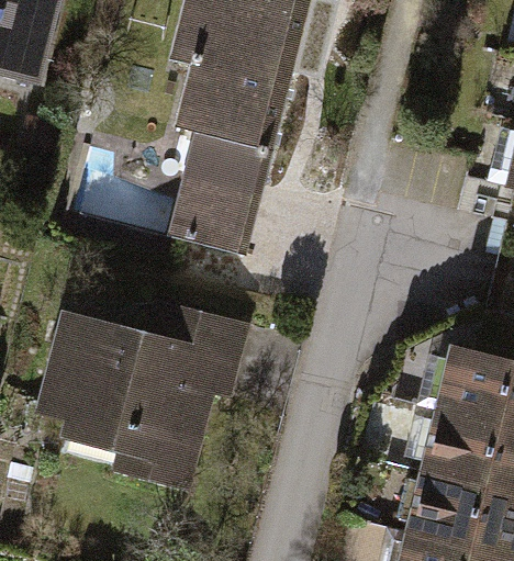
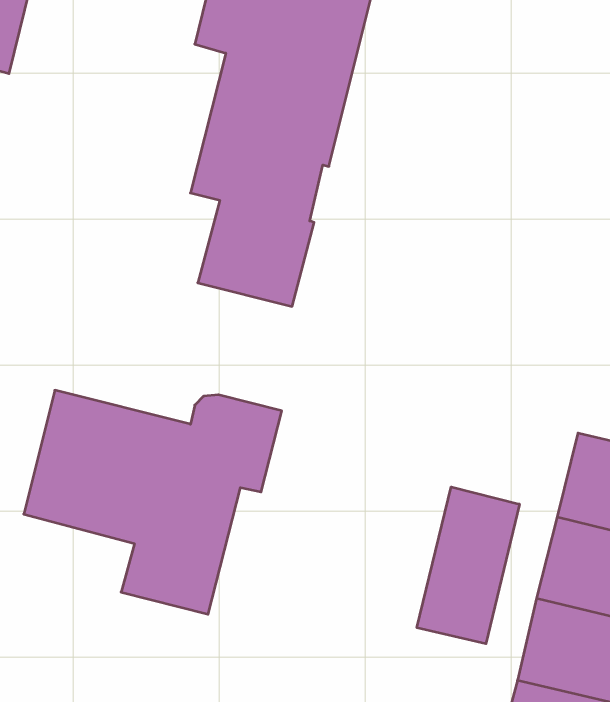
building: none -> [417,487,519,644]

